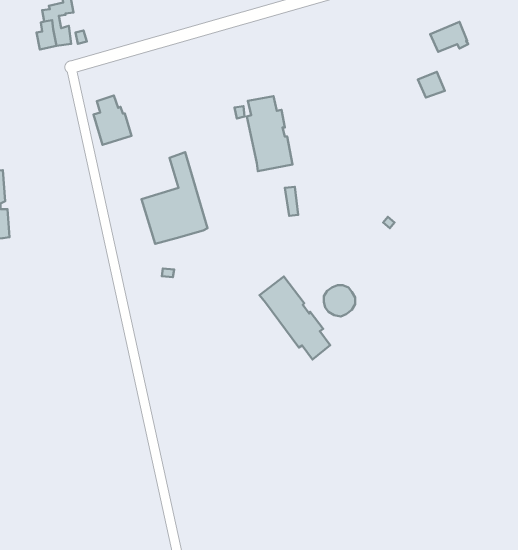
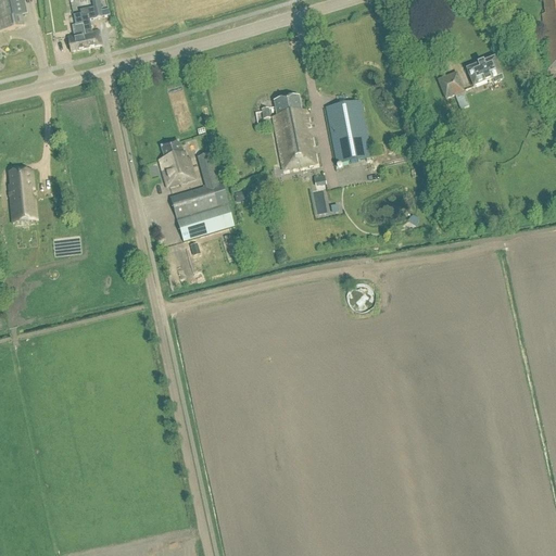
building: [430,22,468,52] -> [466,54,503,84]
building: [94,96,132,145] -> [157,138,194,186]
building: none -> [326,98,371,161]
building: [260,276,330,360] -> none

